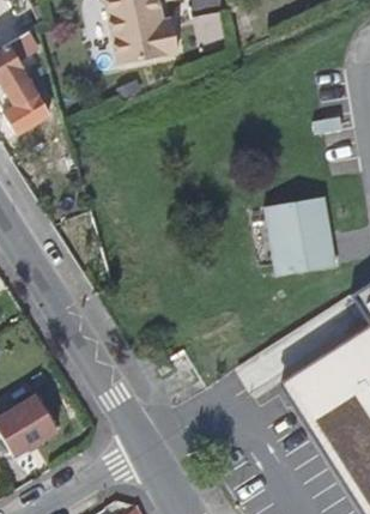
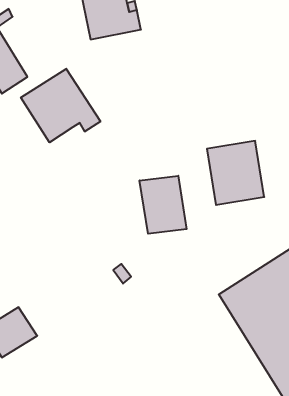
building: none -> [21,69,100,142]
building: none -> [140,176,187,234]

